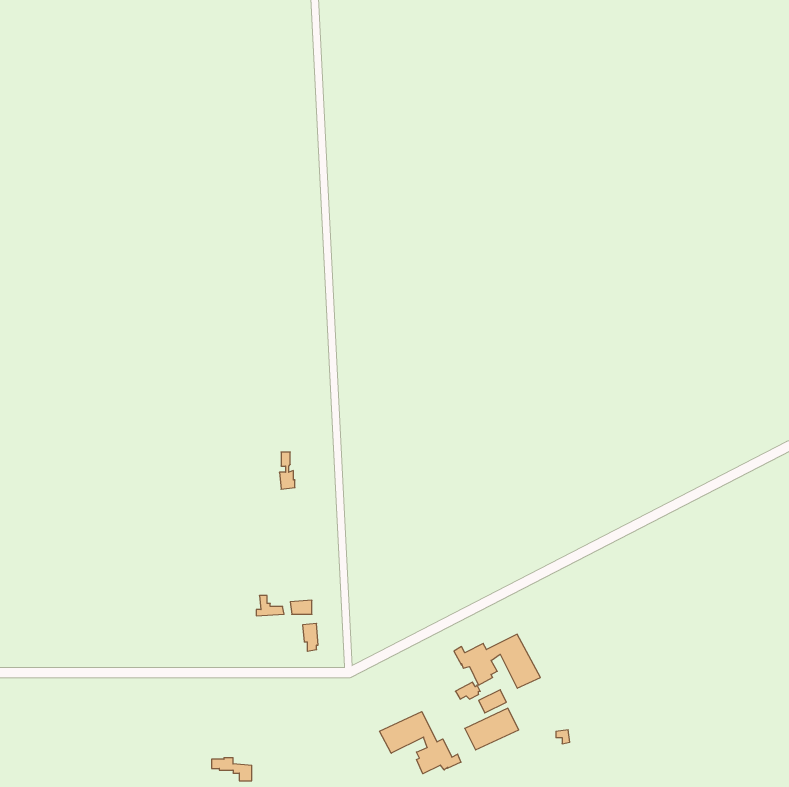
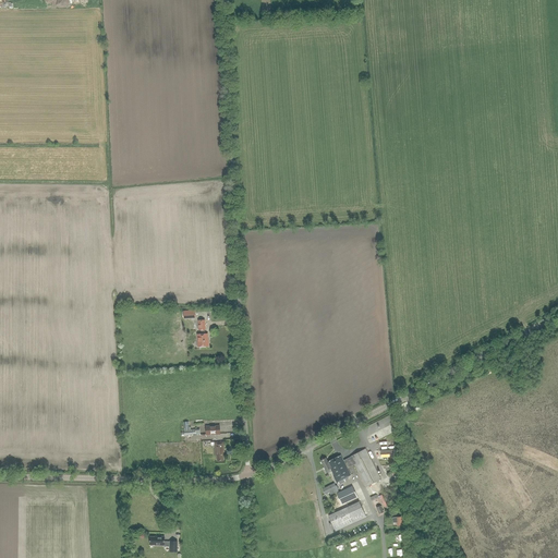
building: [380,712,461,774] -> none

